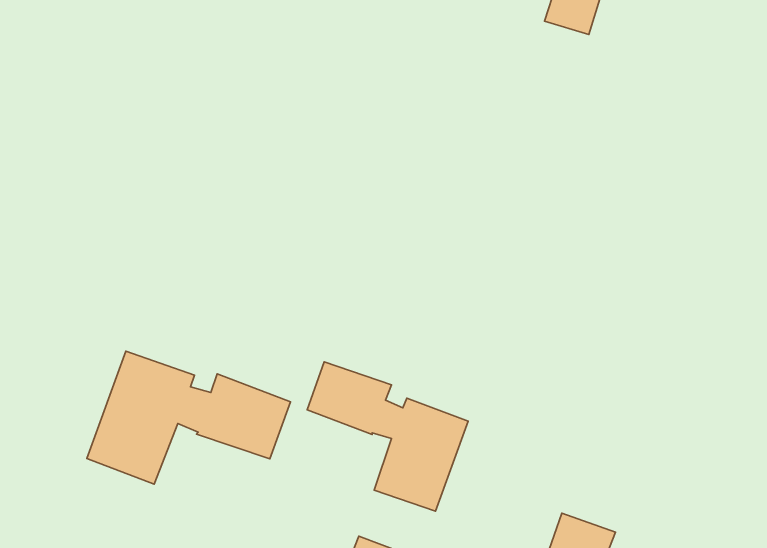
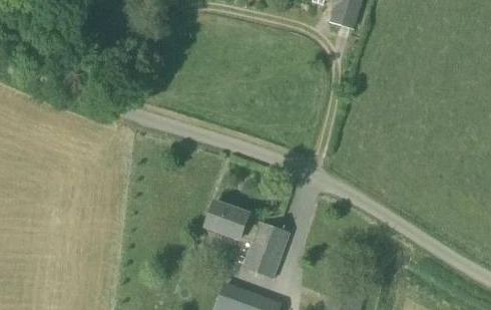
building: [87,351,291,484] -> none

